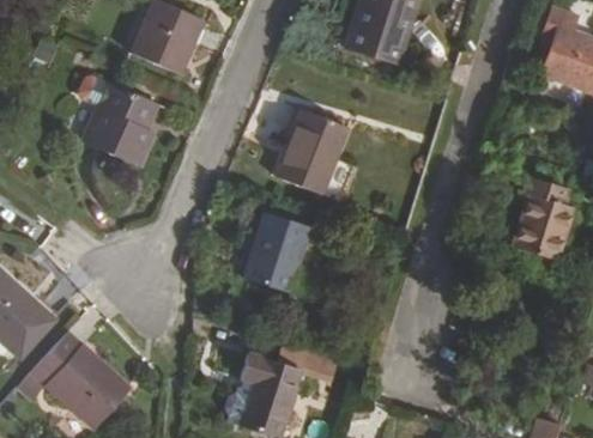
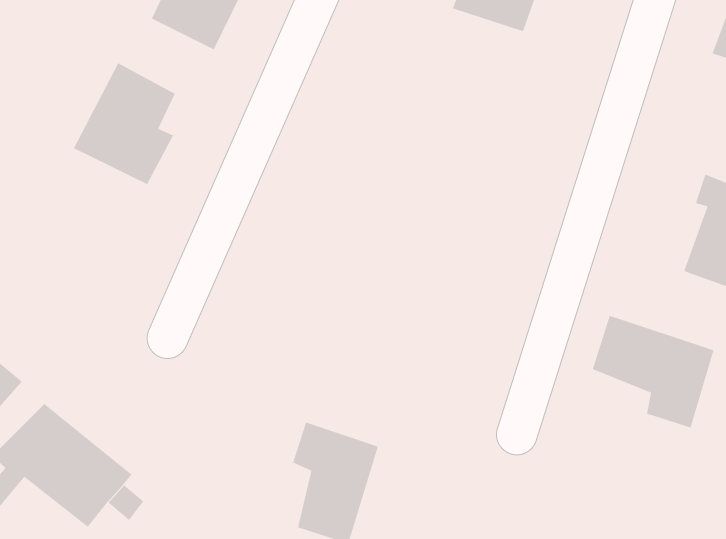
building: [277,109,351,191] -> none
building: [240,211,311,292] -> none
building: none -> [592,315,714,429]

